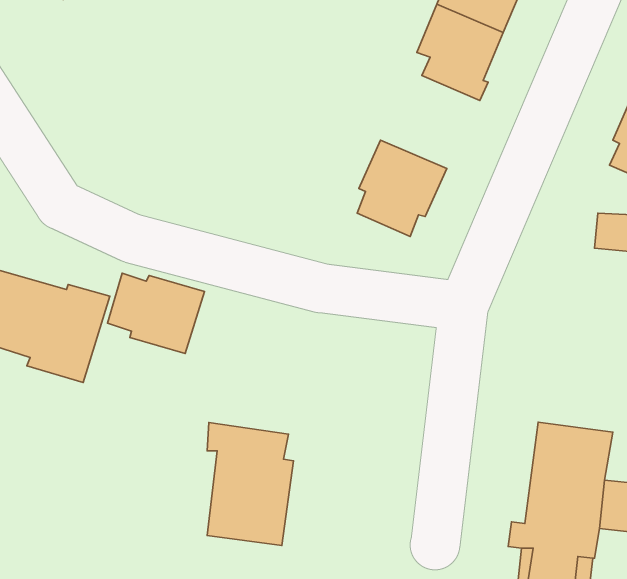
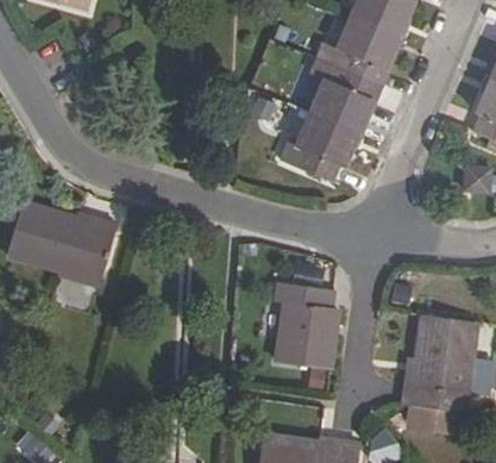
building: none -> [310,65,382,132]
building: [107,273,204,353] -> none
building: [207,423,293,545] -> [276,281,338,369]

